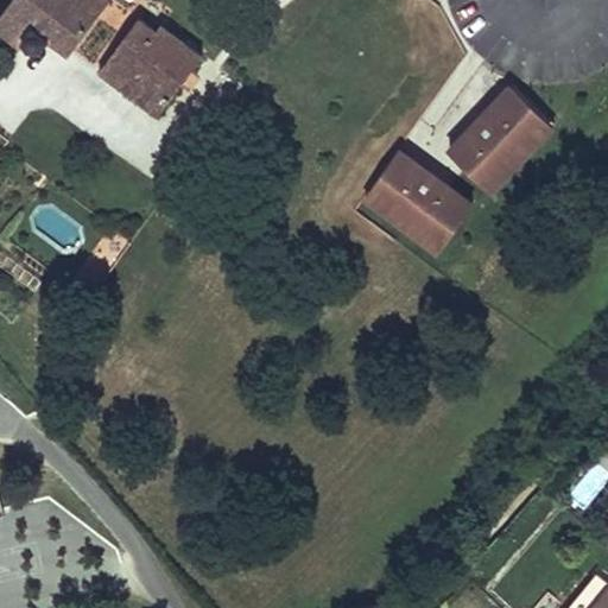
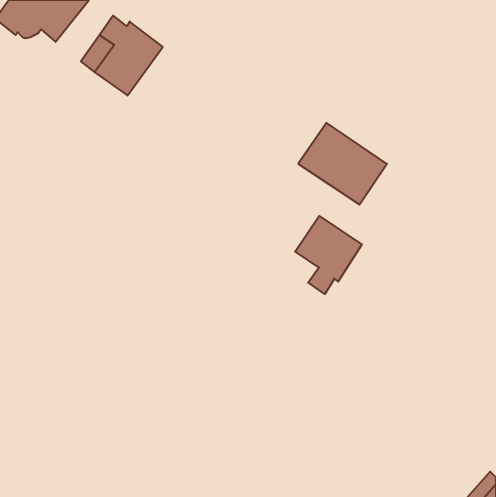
building: [445,84,551,190] -> none
building: none -> [295,216,362,294]

